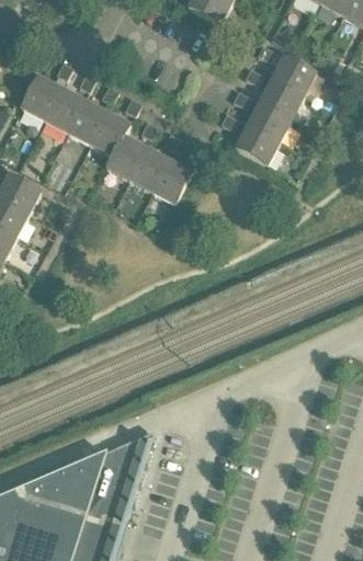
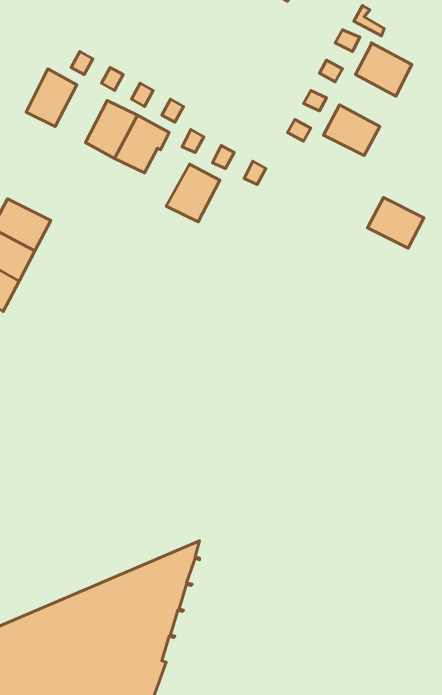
building: [259,79,302,118] -> none
building: [43,87,82,130] -> none
building: [235,125,277,163] -> [368,198,424,248]
building: [104,135,145,179] -> none
building: [151,159,191,203] -> none

